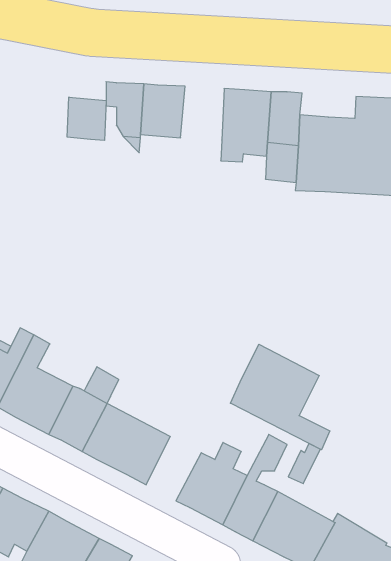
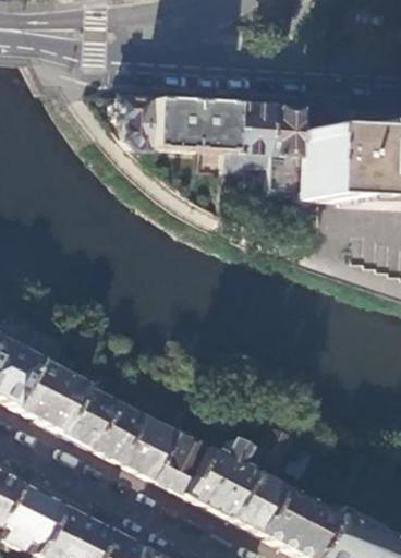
building: none -> [190,101,231,153]
building: [67,97,106,140] -> none
building: [230,344,330,450] -> none
building: none -> [157,430,209,496]

